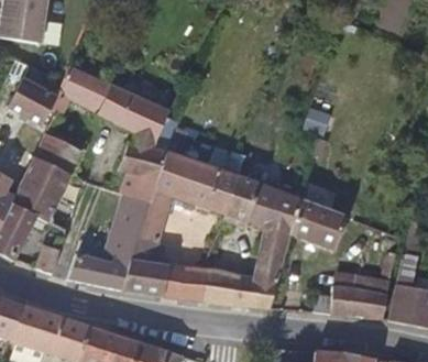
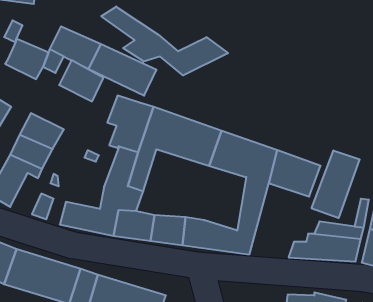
building: none -> [101,6,228,75]
building: [36,132,84,176] -> [59,60,103,101]
building: none -> [312,150,360,218]

